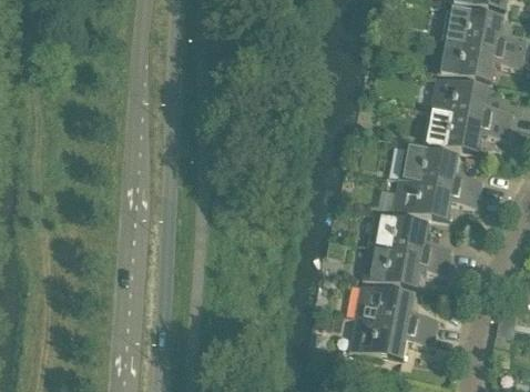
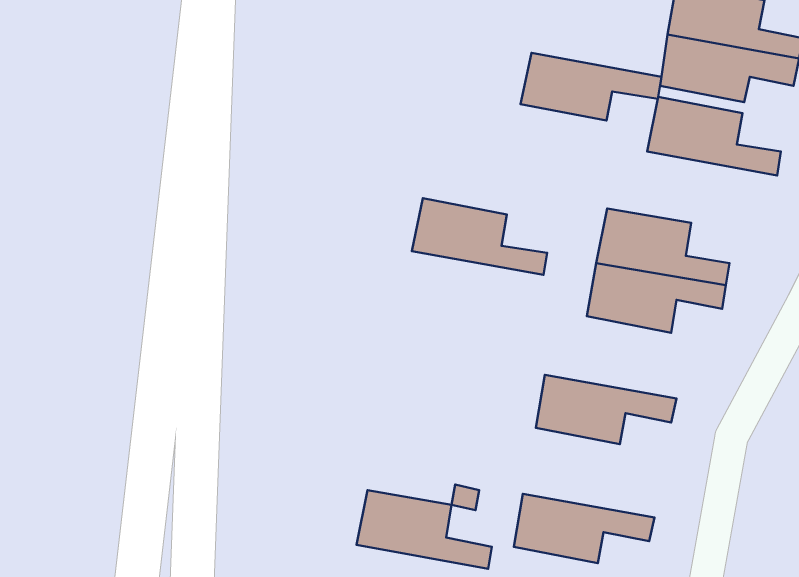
building: [427,108,512,149] -> [521,53,661,121]
building: [371,211,453,258] -> [412,198,547,275]
building: [358,282,440,330] -> [356,490,492,569]

